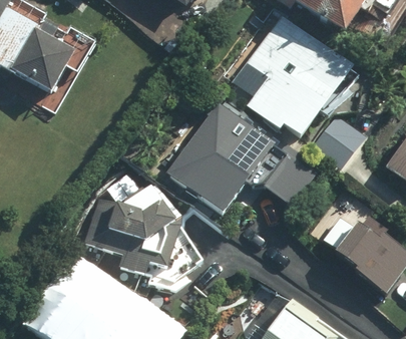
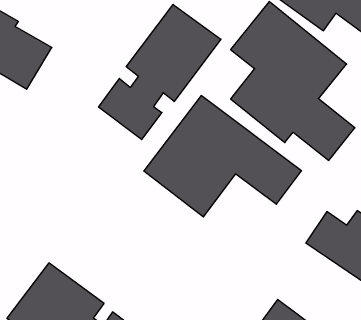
building: none -> [98,4,221,140]
building: [82,185,185,273] -> none

